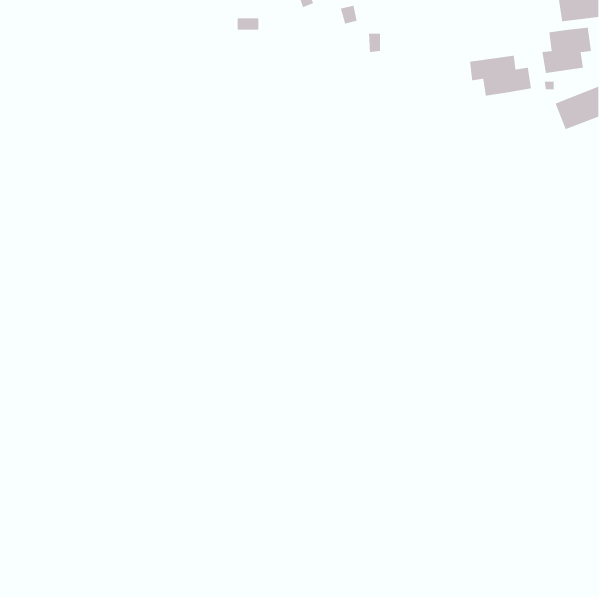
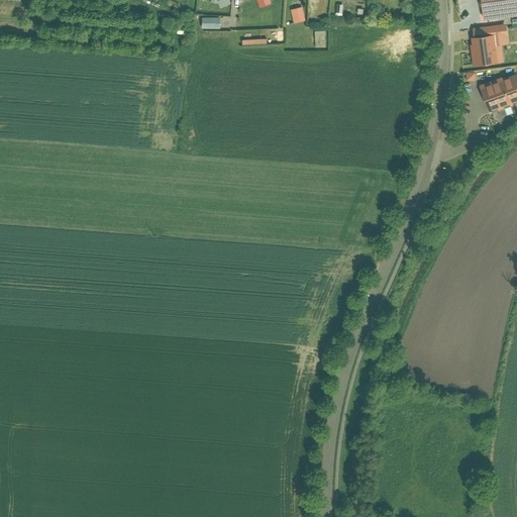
building: [469,55,532,96] -> none

